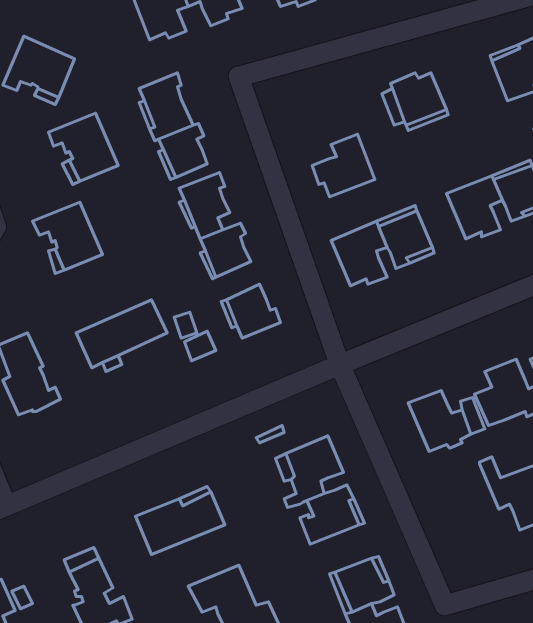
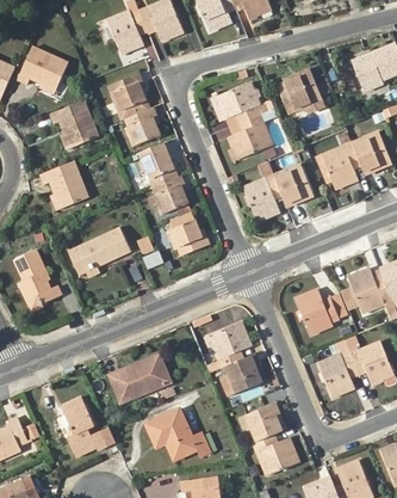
building: none -> [219,84,261,122]
building: none -> [318,340,358,394]

